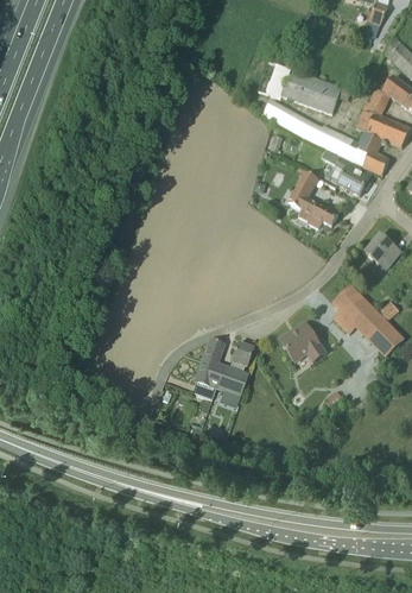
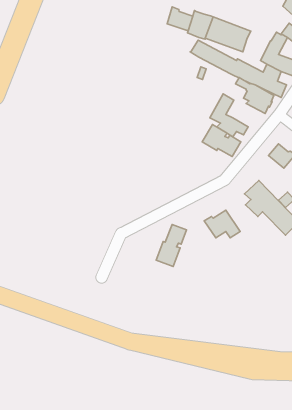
building: none -> [167,7,193,31]
building: none -> [202,125,241,157]
building: [192,339,224,391] -> none

